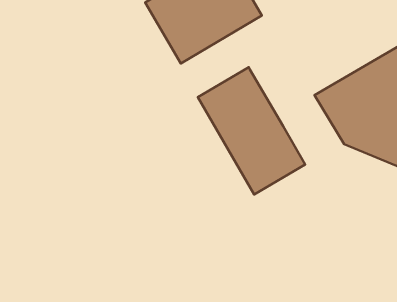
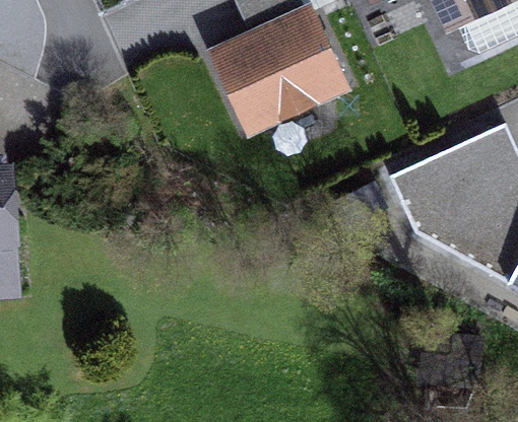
building: [198,67,305,194] -> none

